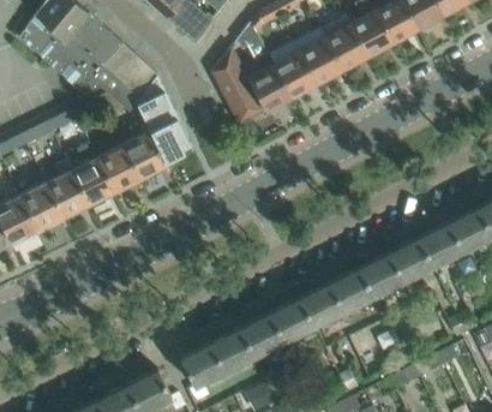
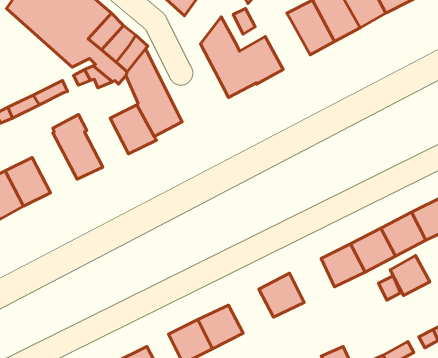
building: [274,50,318,97] -> none
building: [96,145,139,193] -> none
building: [44,160,89,219] -> none
building: none -> [390,255,430,296]
building: [298,283,342,327] -> none
building: [238,314,282,357] -> none

